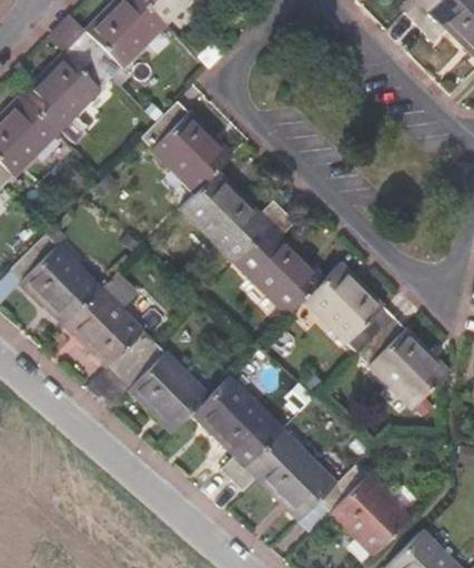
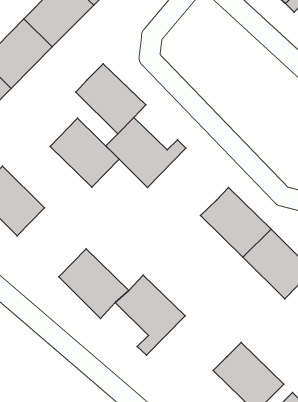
building: [234,212,324,316] -> none
building: [64,290,154,379] -> [50,118,119,187]
building: [233,430,337,520] -> none

